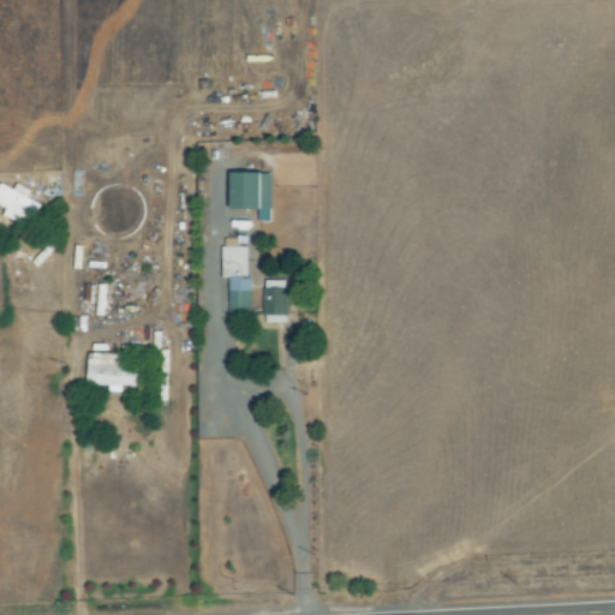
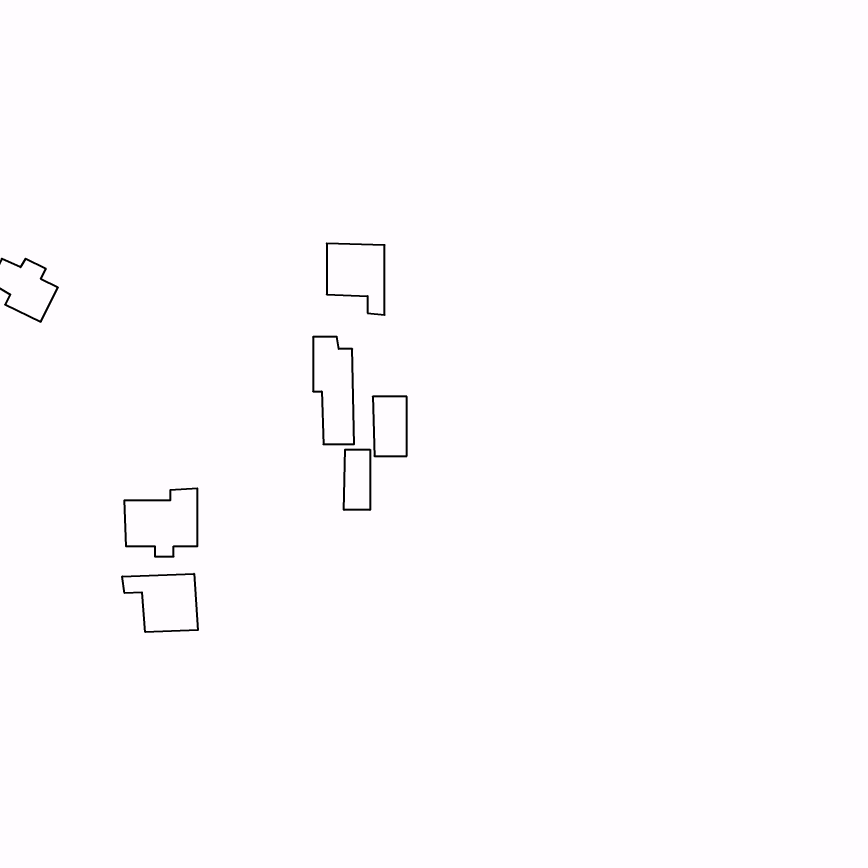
building: none -> [344,450,370,510]
building: none -> [122,574,198,632]

